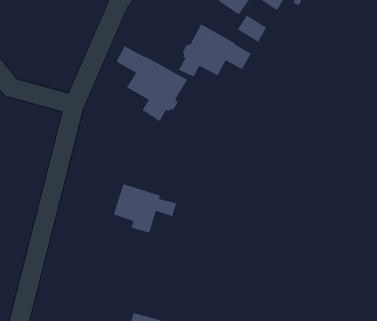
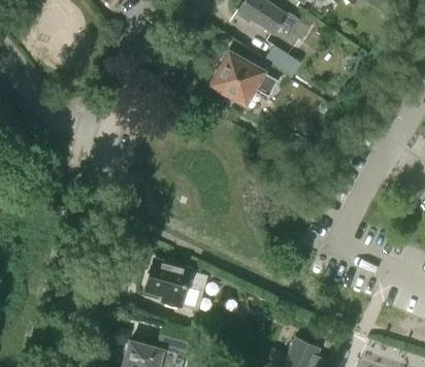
building: [116,45,188,122] -> none
building: [113,183,177,234] -> [148,261,208,308]

